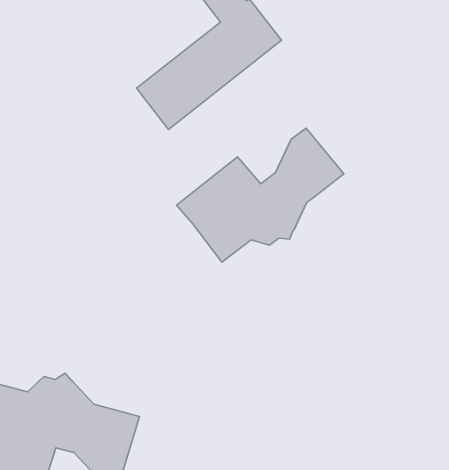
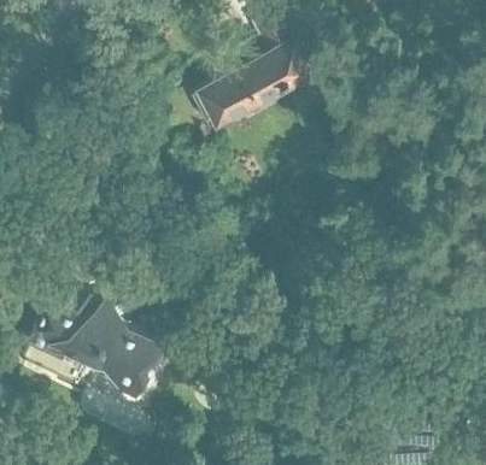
building: [176,128,344,262] -> none

